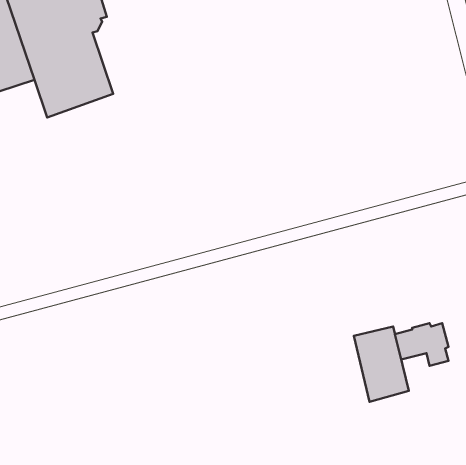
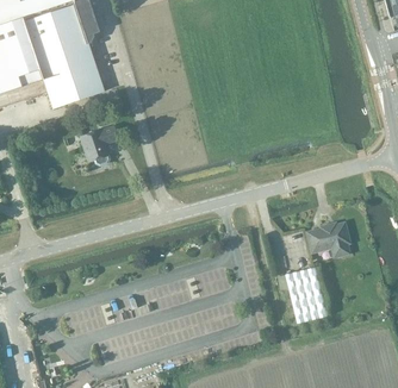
building: none -> [80,125,117,159]
building: [395,323,448,366] -> [309,223,349,255]

